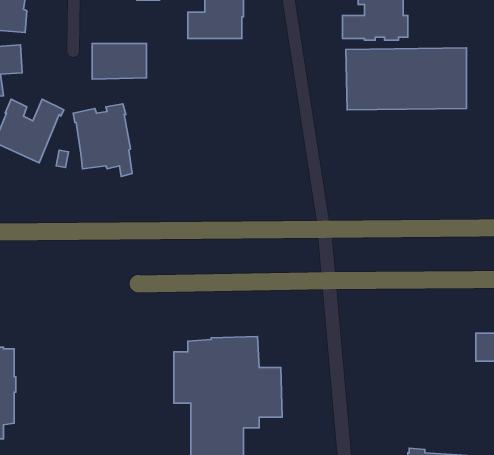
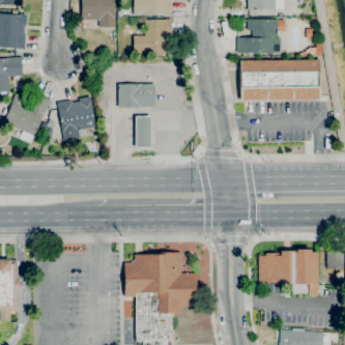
building: [92,44,146,79] -> [118,84,154,108]
building: none -> [135,116,151,147]
building: none -> [258,249,318,295]

